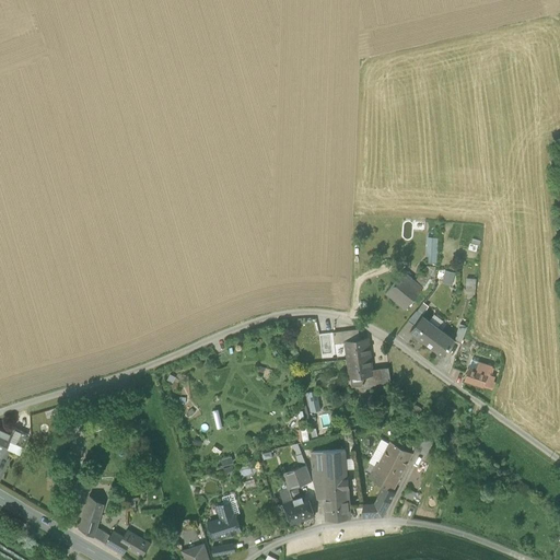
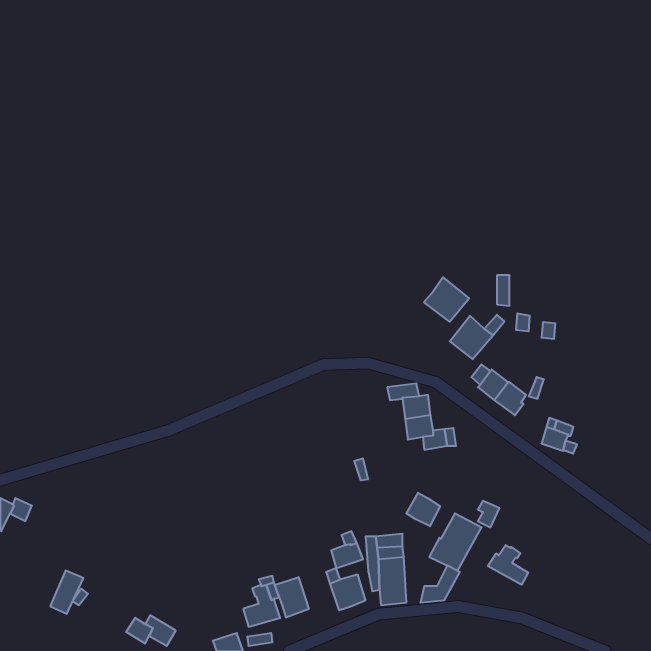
building: none -> [424,277,469,322]
building: none -> [406,493,440,526]
building: none -> [488,545,528,585]
building: [80,495,108,533] -> [50,570,83,614]
building: none -> [275,577,309,618]

